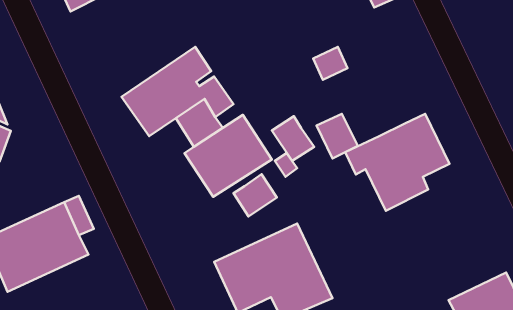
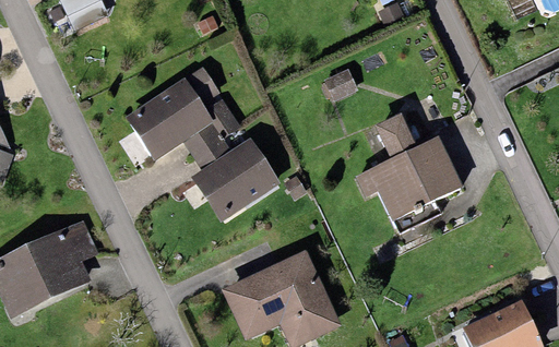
building: [316,114,358,159] -> [374,113,417,159]
building: [272,116,314,161] -> none
building: [233,174,277,217] -> none

